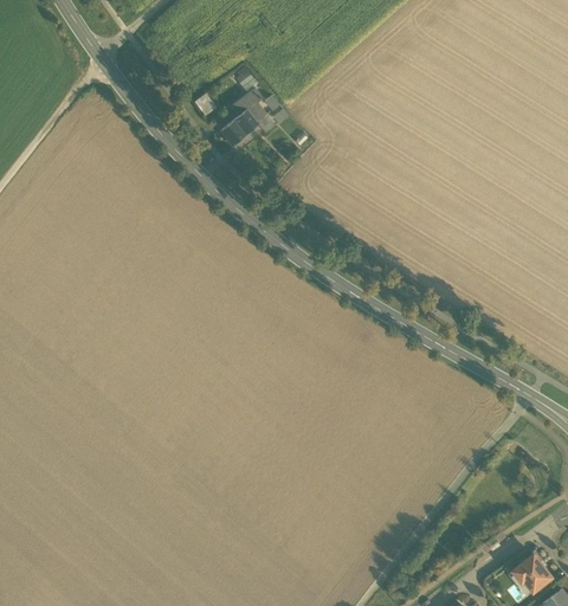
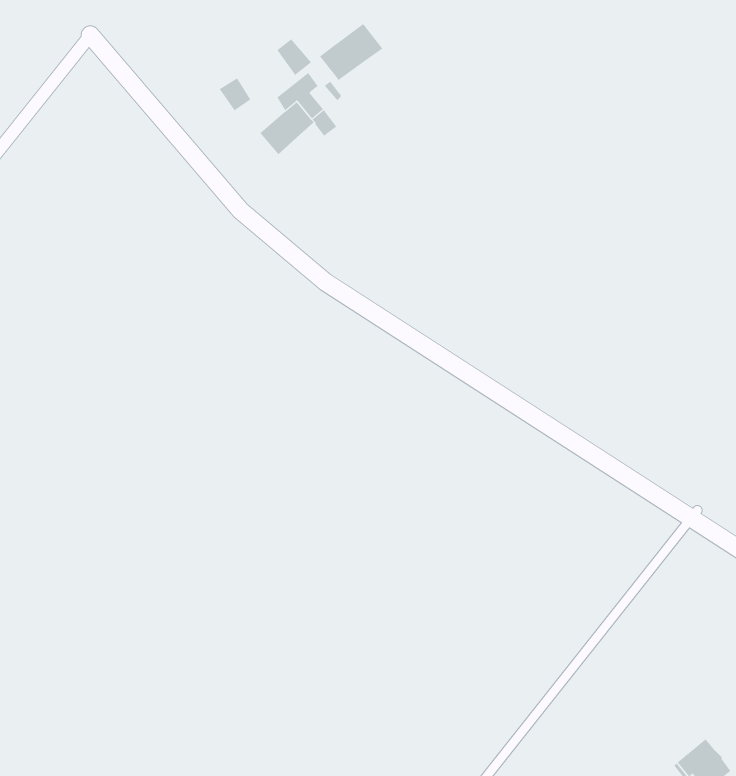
building: none -> [319,23,383,82]

